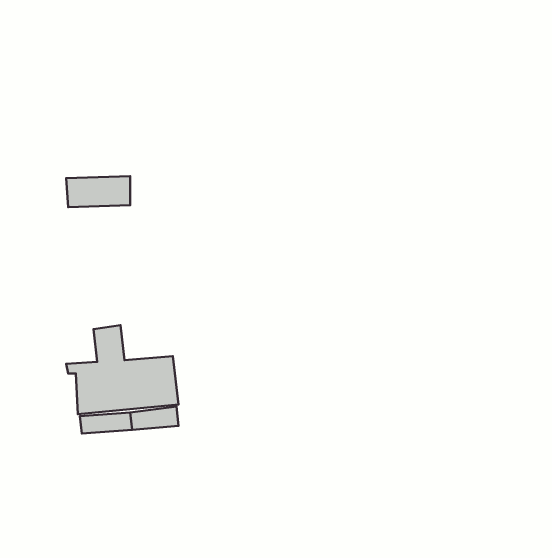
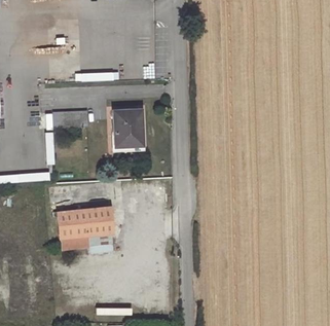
building: none -> [113,108,143,150]

